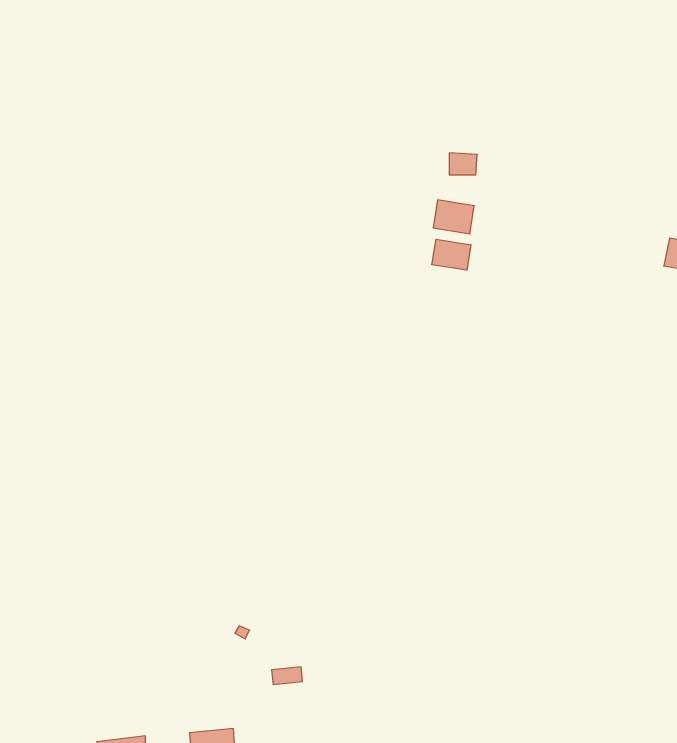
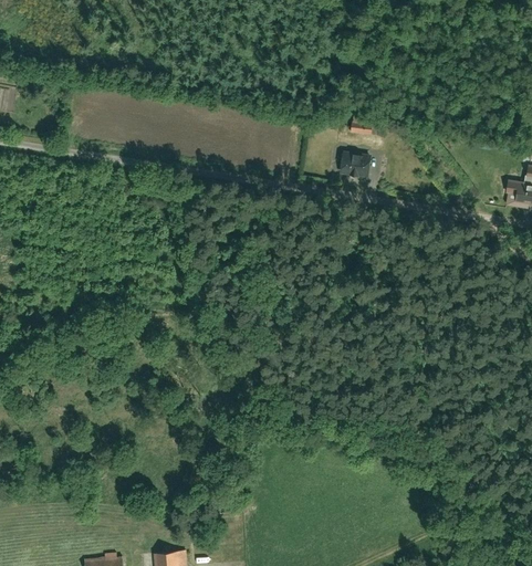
building: [432,239,471,270] -> none

